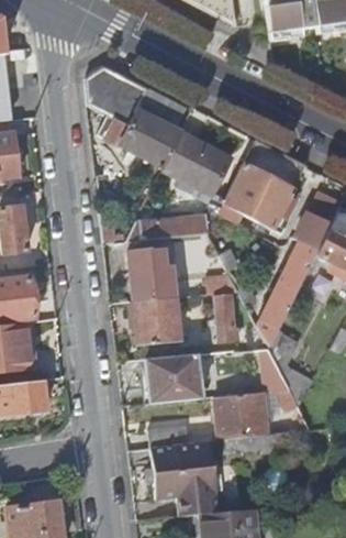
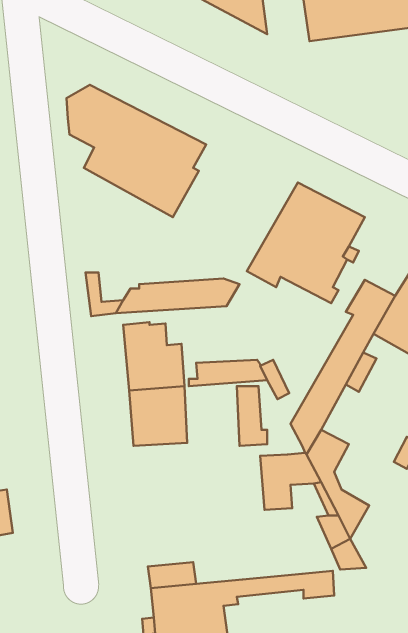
building: [165,133,234,196] -> none
building: [144,352,197,404] -> none
building: [212,396,269,442] -> none

